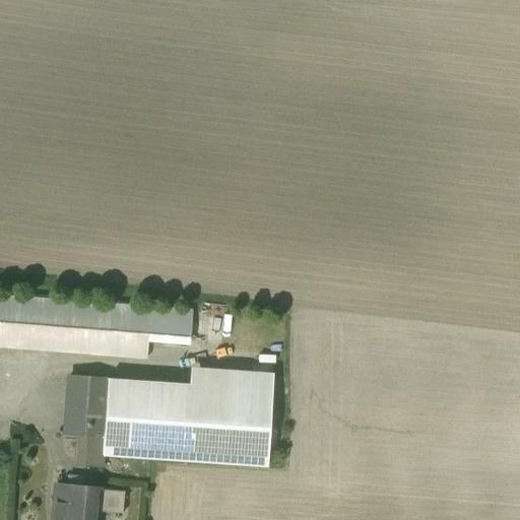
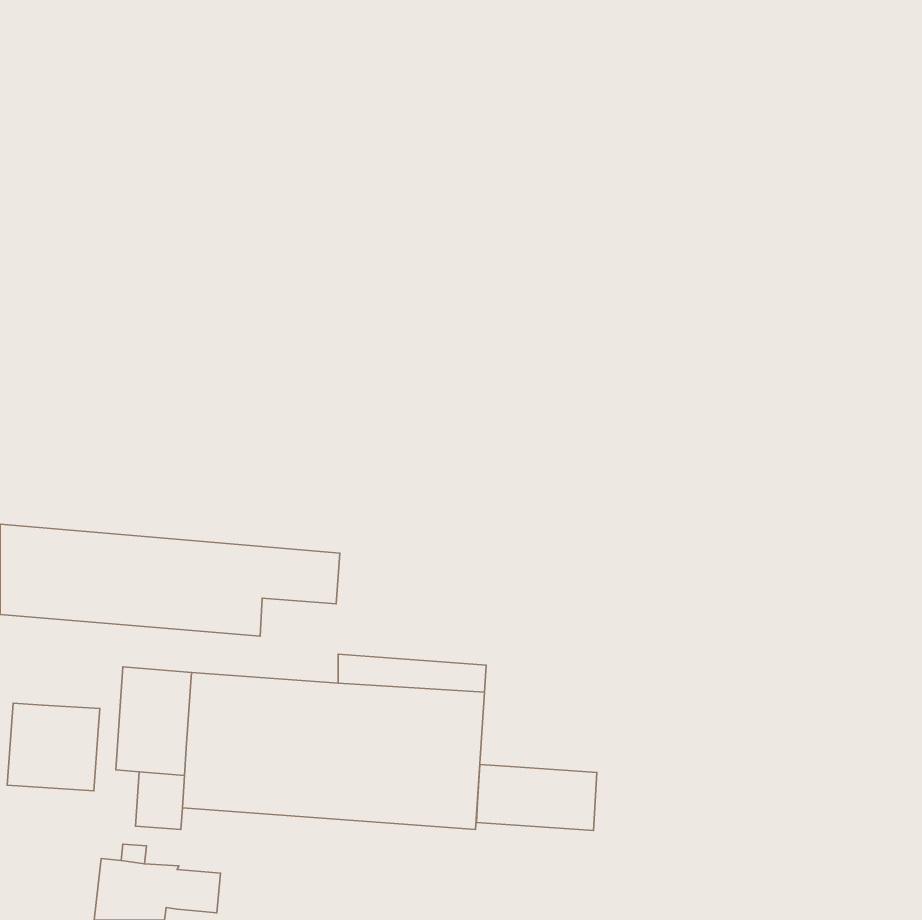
building: none -> [7,703,100,791]
building: none -> [476,764,597,830]

